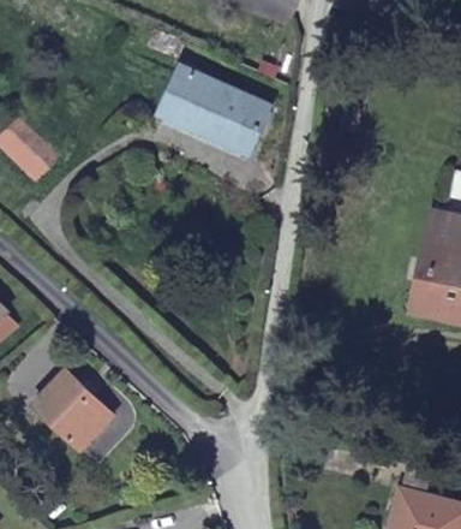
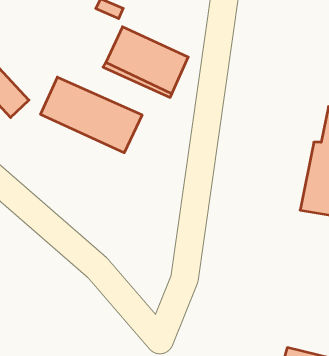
building: none -> [41,77,142,153]
building: [32,370,109,451] -> none

